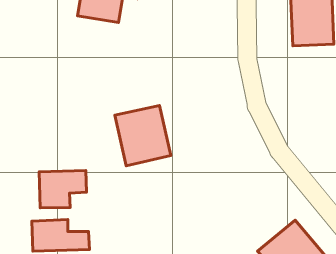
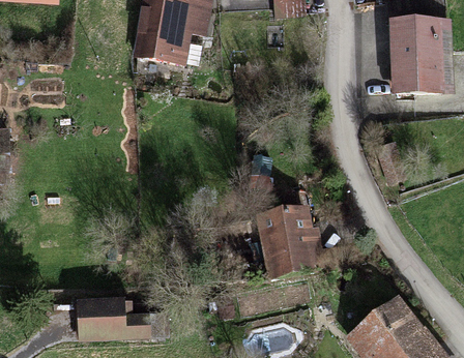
building: [115,106,171,166] -> [256,204,323,276]
building: [39,170,86,208] -> none

